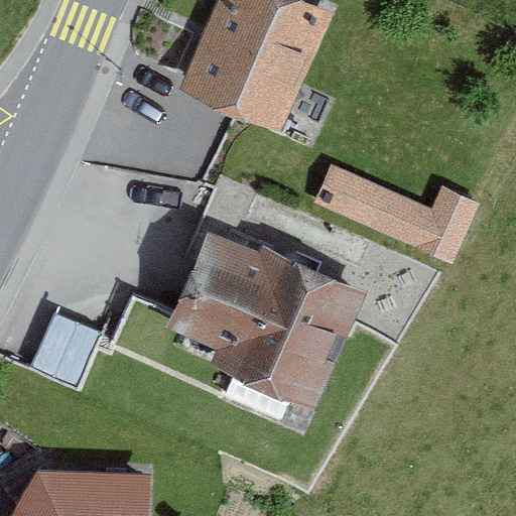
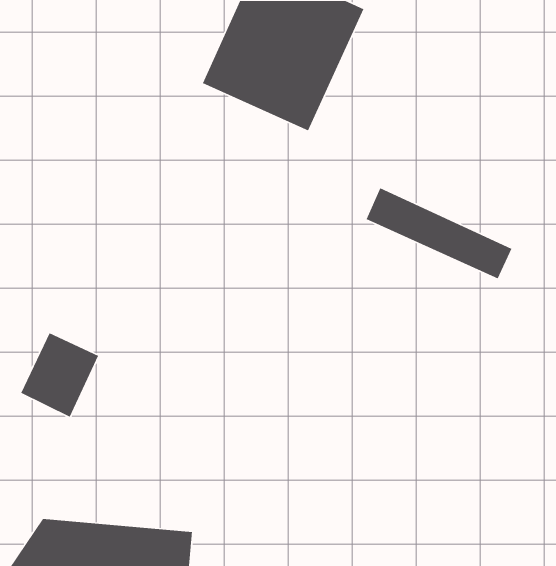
building: [171,243,355,387] -> none

